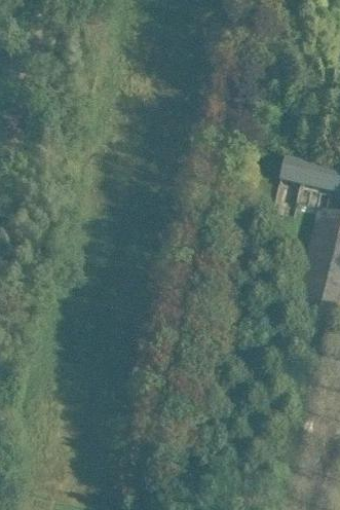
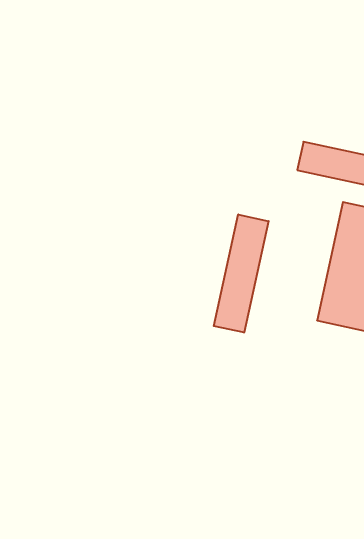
building: none -> [214,214,269,333]

